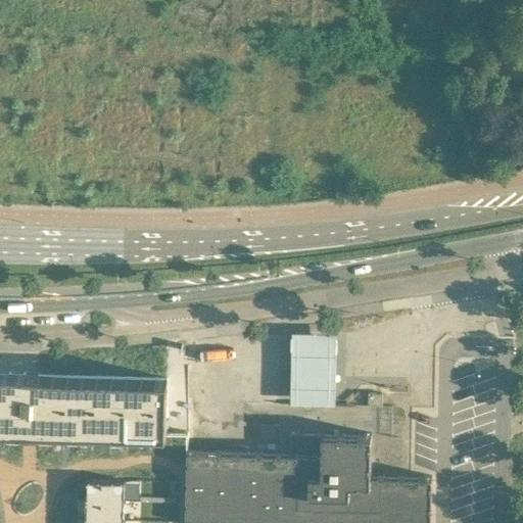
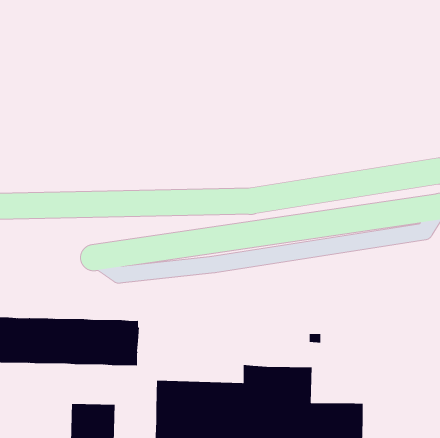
building: [287,336,334,408] -> none

